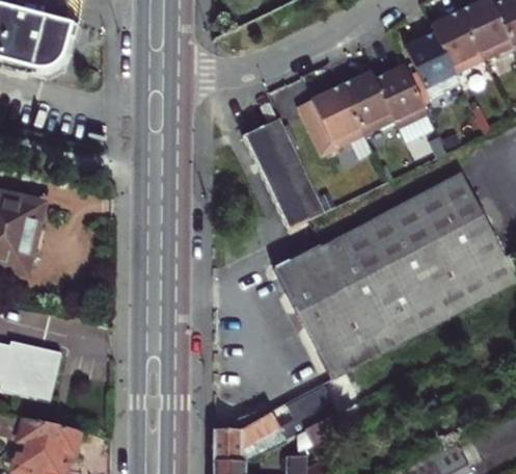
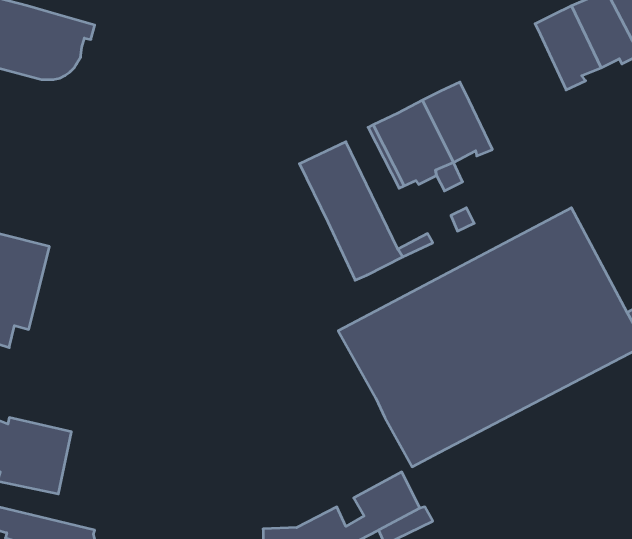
building: [405,31,459,98] -> none
building: [375,63,429,127] -> none

